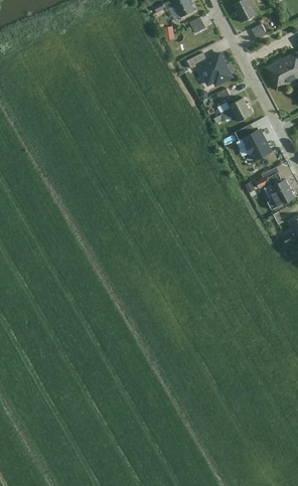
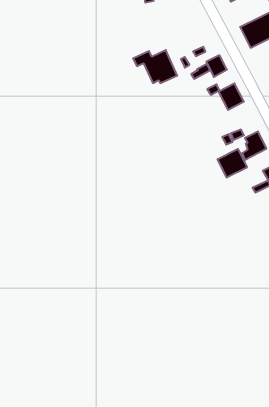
building: [189,51,237,87] -> [133,50,177,83]
building: none -> [218,149,247,178]

